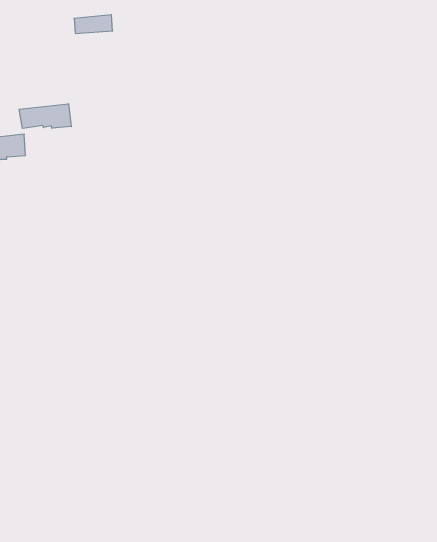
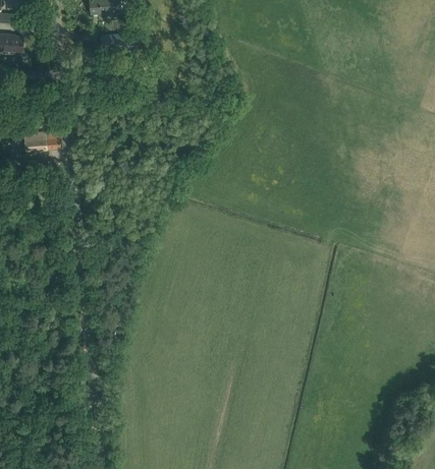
building: [19,104,71,128] -> none

